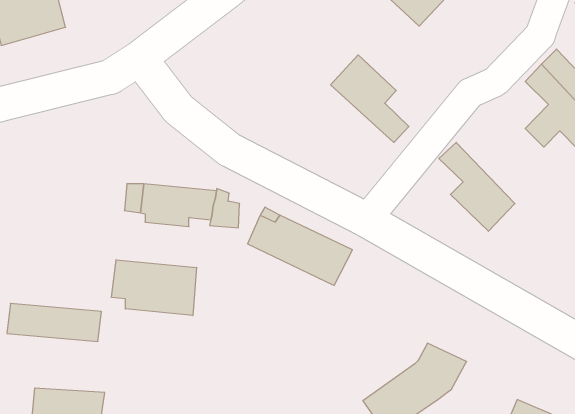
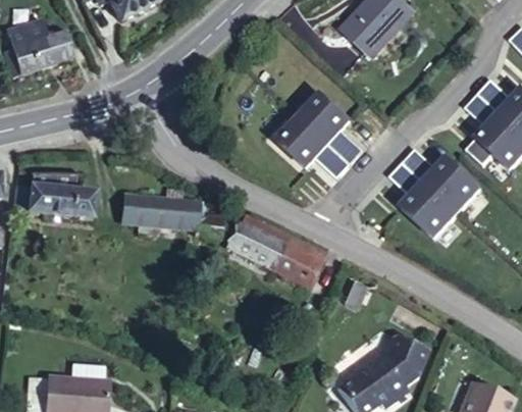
building: none -> [279,108,359,173]
building: none -> [414,146,491,213]
building: [112,260,197,316] -> none
building: [7,303,101,341] -> [19,183,103,216]

